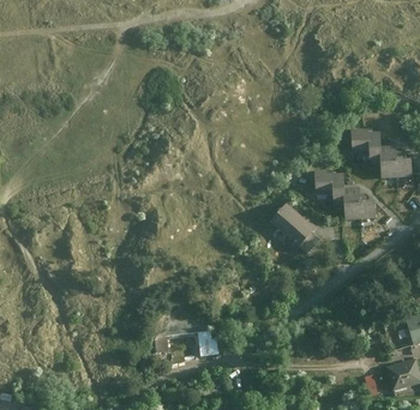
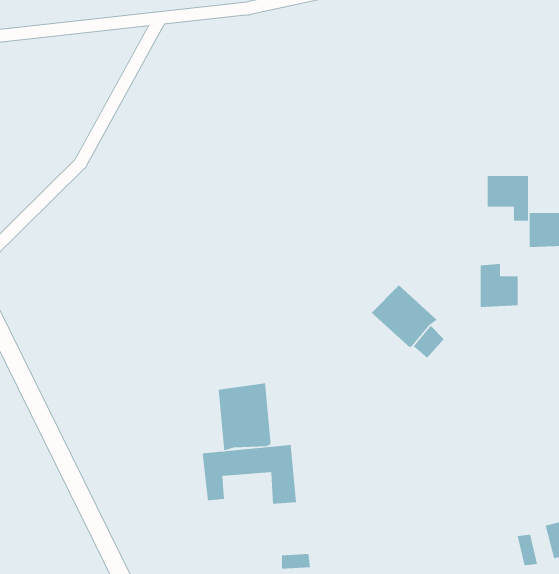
building: [314,167,344,204] -> none
building: none -> [218,382,271,451]

